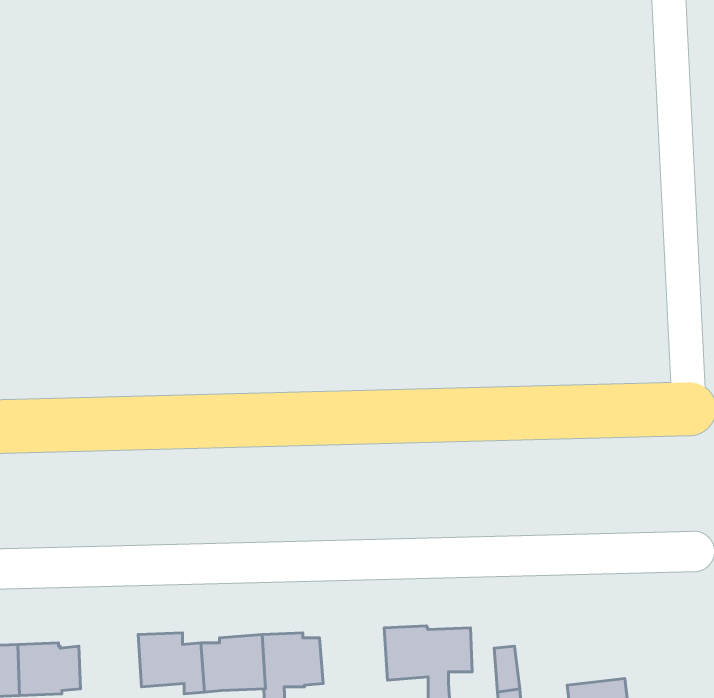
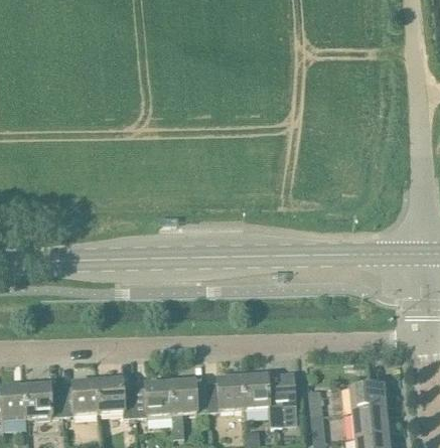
building: none -> [204,376,245,410]
building: none -> [61,380,99,412]
building: none -> [349,382,386,410]

